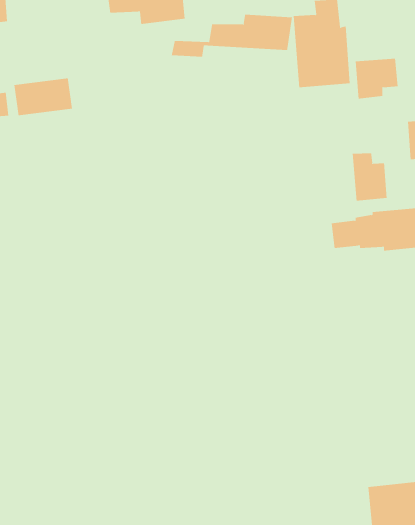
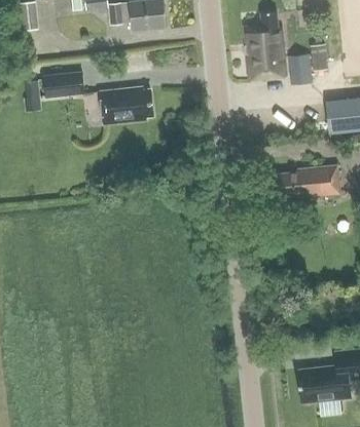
building: [171,14,293,57] -> none
building: none -> [101,87,153,124]
building: [352,153,387,202] -> none

